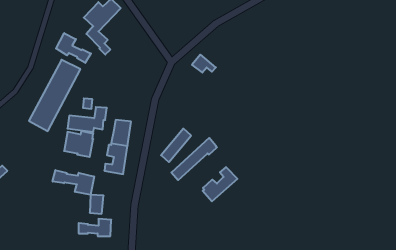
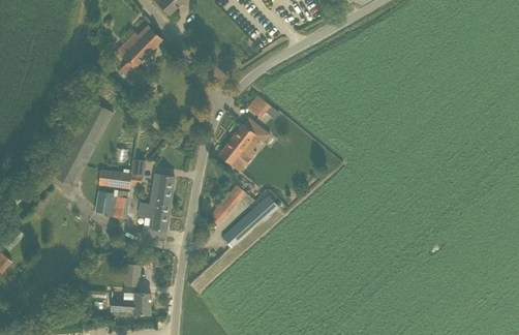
building: [56,33,91,63] -> none
building: none -> [219,118,268,171]
building: [203,167,237,201] -> none
building: [53,170,94,195] -> none

